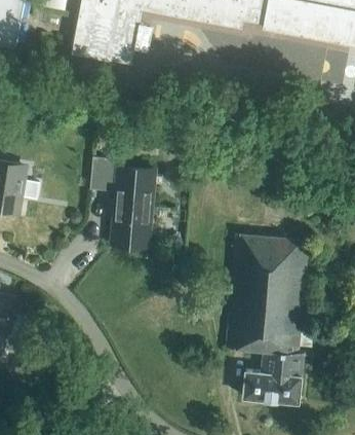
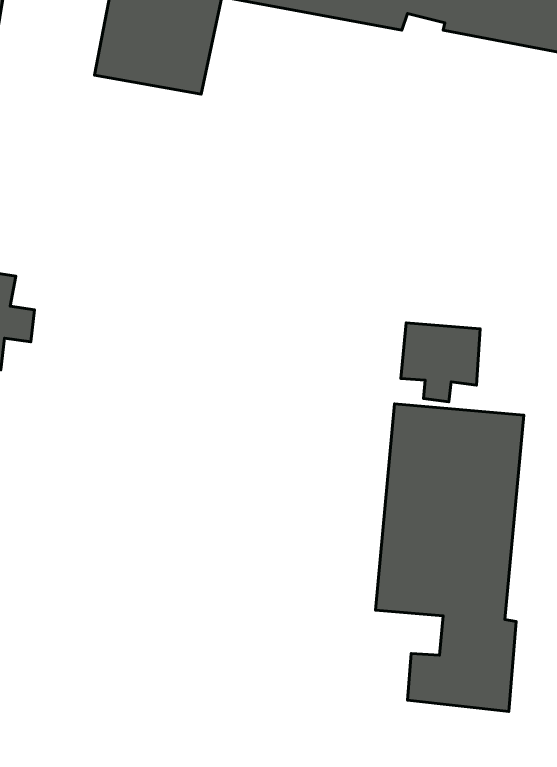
building: [89,156,157,248] -> none
building: none -> [401,323,480,402]

